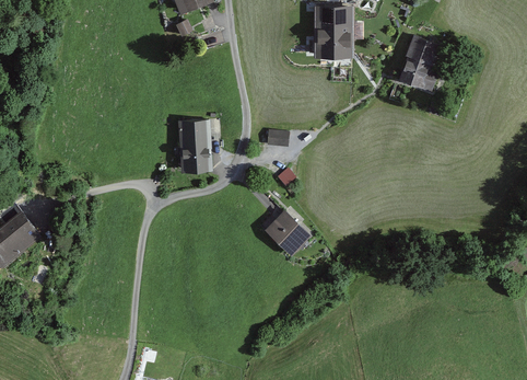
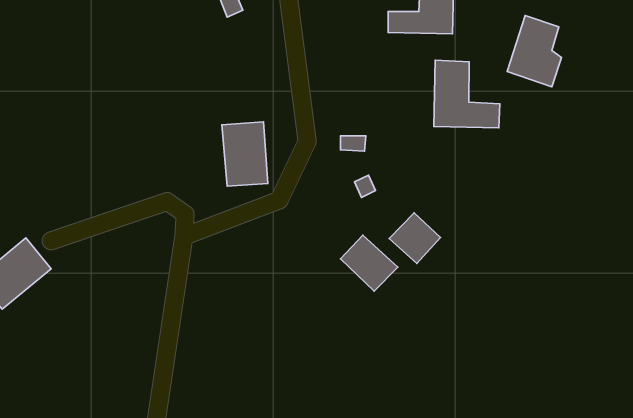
building: none -> [434,60,500,128]
building: none -> [389,213,441,264]

